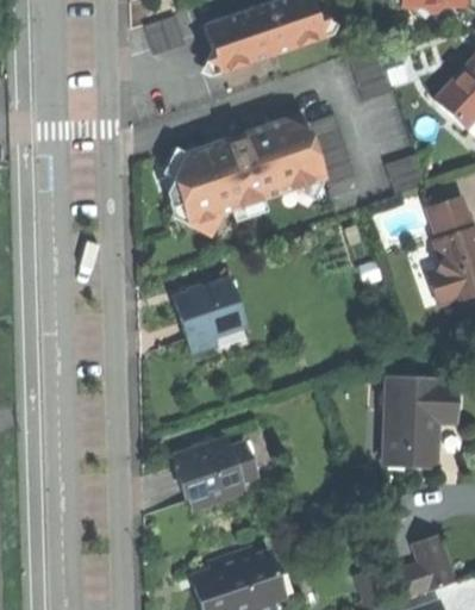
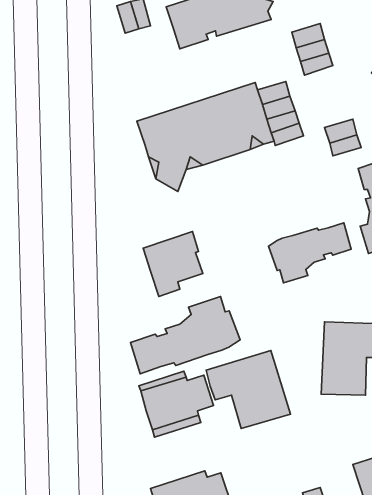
building: none -> [269,223,351,283]
building: none -> [131,296,240,374]
building: none -> [206,350,291,429]

